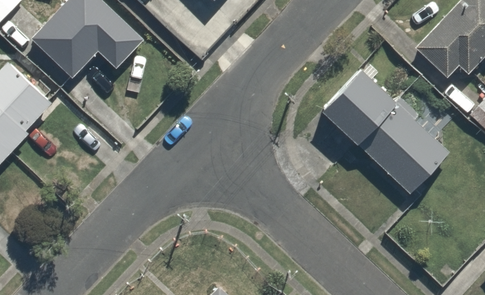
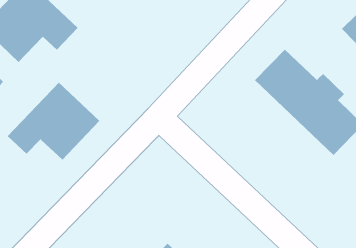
building: none -> [7,82,100,161]

